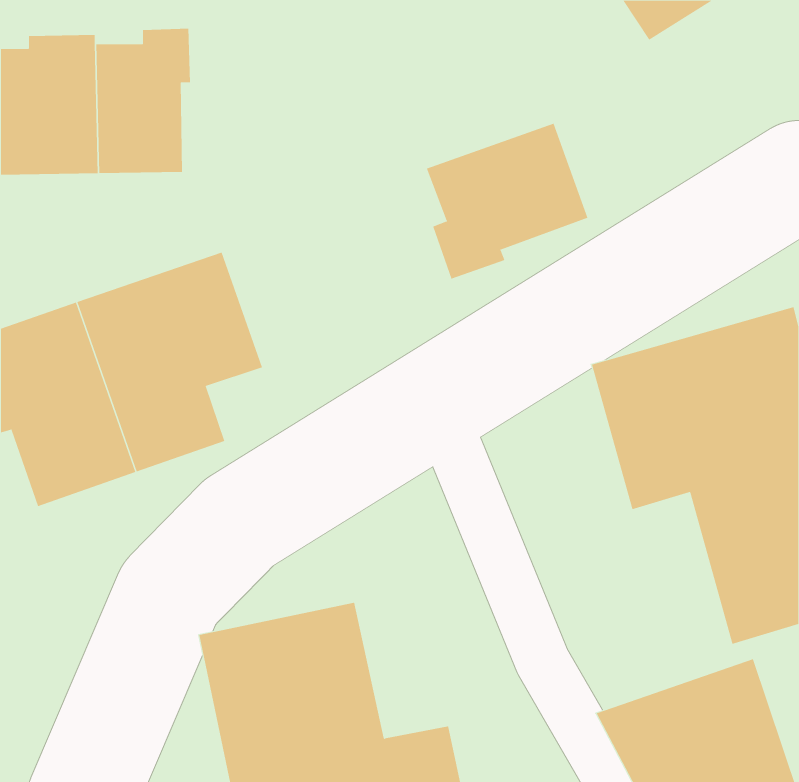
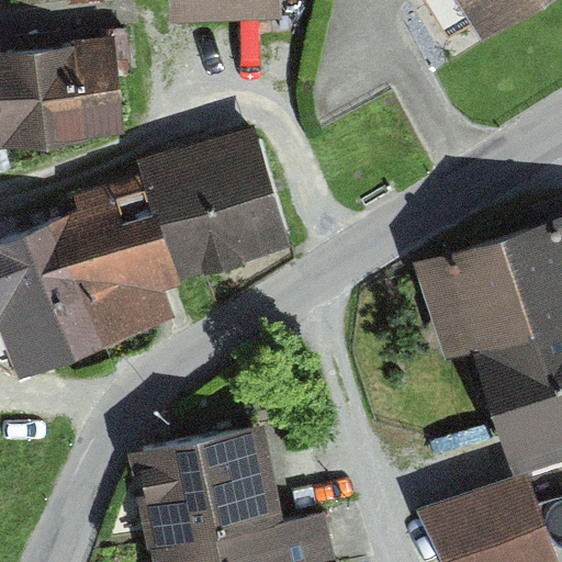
building: [426,123,588,280] -> none
building: none -> [154,137,286,270]

